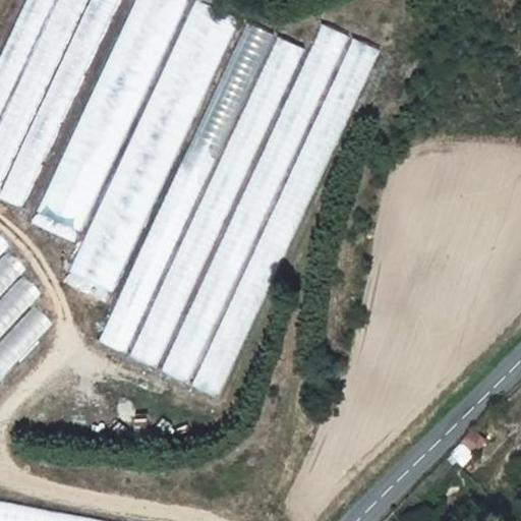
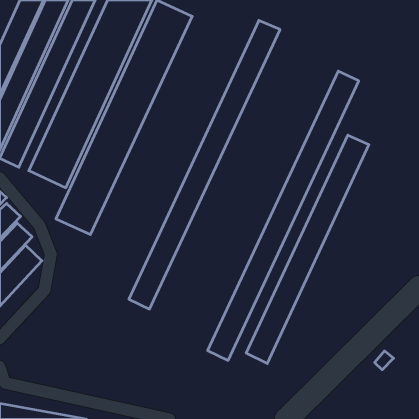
building: [99,22,273,353] -> none
building: [129,38,303,368] -> none
building: [190,39,378,398] -> [208,71,359,360]
building: none -> [246,135,369,364]

